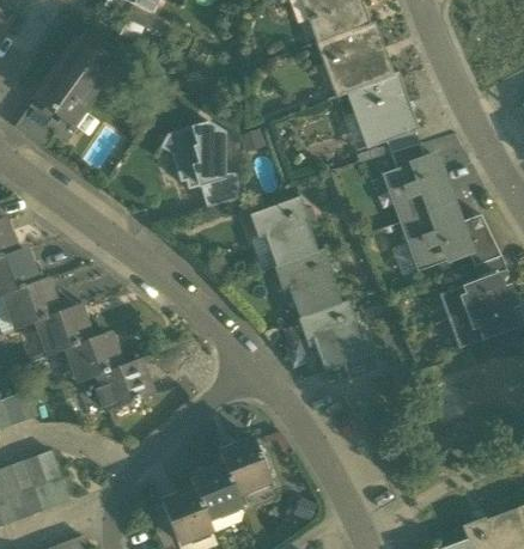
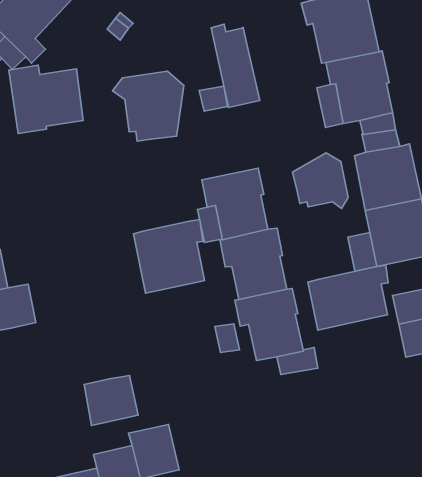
building: none -> [211,24,260,107]
building: none -> [9,65,83,133]
building: [200,172,237,206] -> none
building: none -> [292,153,348,209]
building: none -> [133,220,205,293]
building: none -> [308,265,388,330]
building: [99,359,152,409] -> [84,375,138,426]

